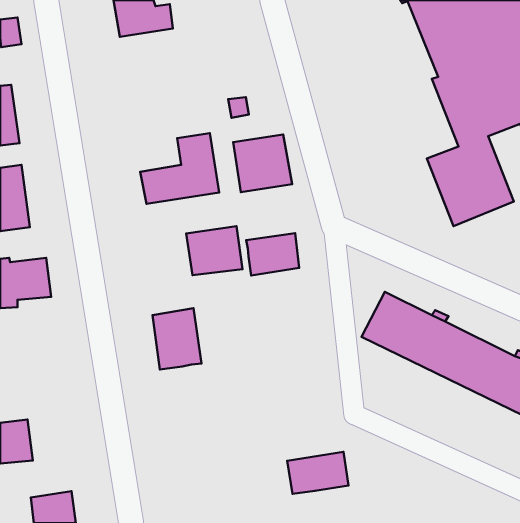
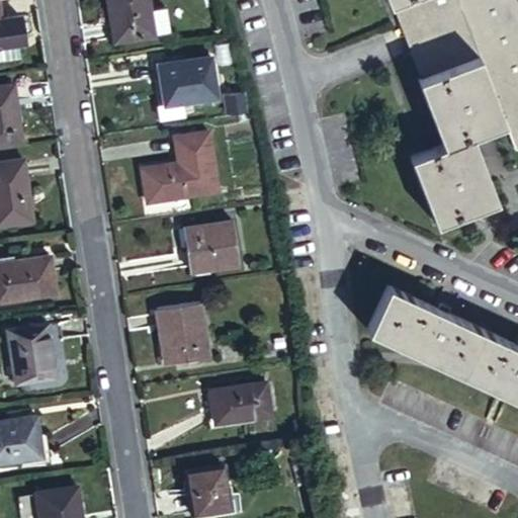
building: none -> [150,62,206,109]
building: [233,134,292,192] -> none
building: [246,233,299,275] -> none
building: none -> [7,324,57,382]
building: [287,452,349,494] -> [208,382,269,424]
building: none -> [183,465,224,510]

